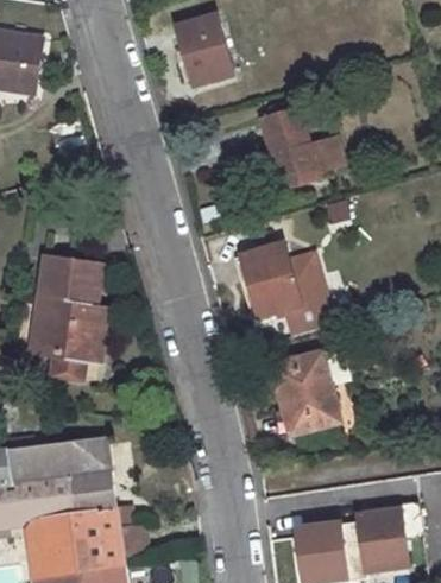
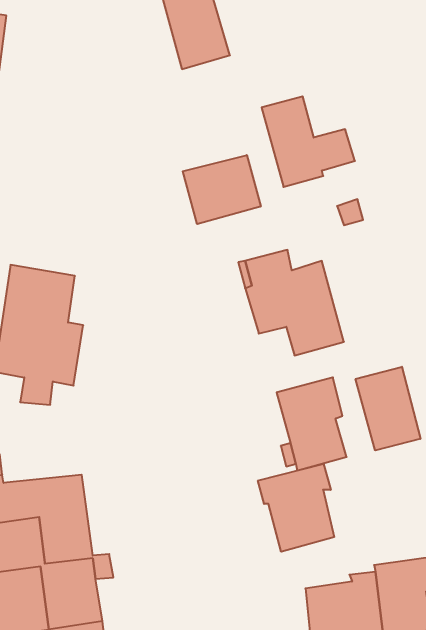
building: none -> [183,155,261,224]
building: none -> [356,367,420,450]
building: none -> [258,464,334,552]

